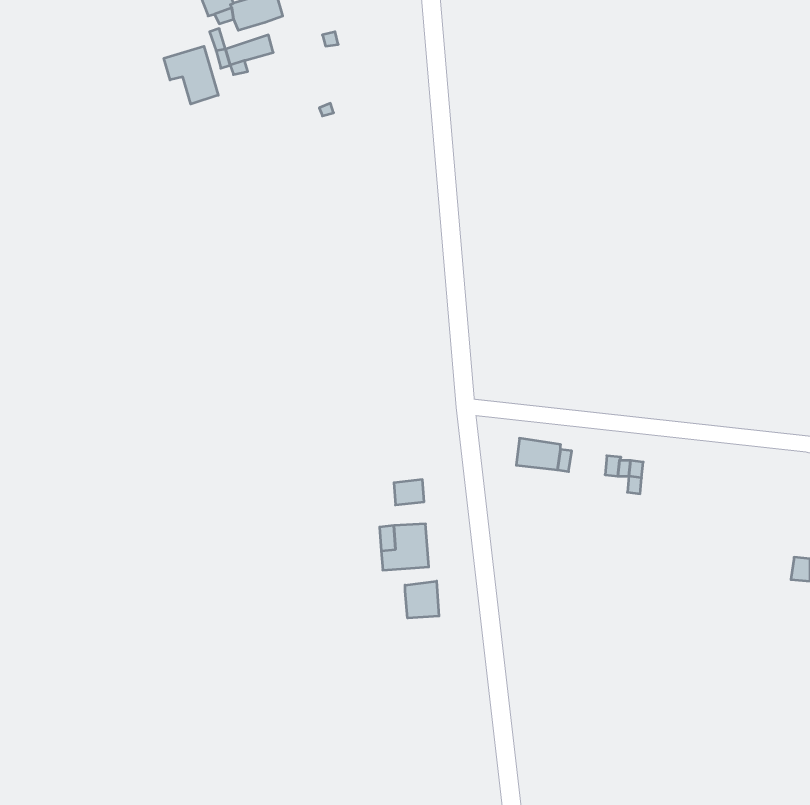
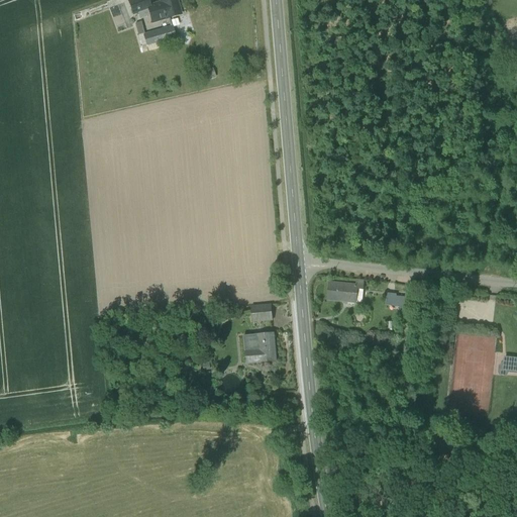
building: [164,46,218,104] -> none
building: [405,581,439,618] -> none

